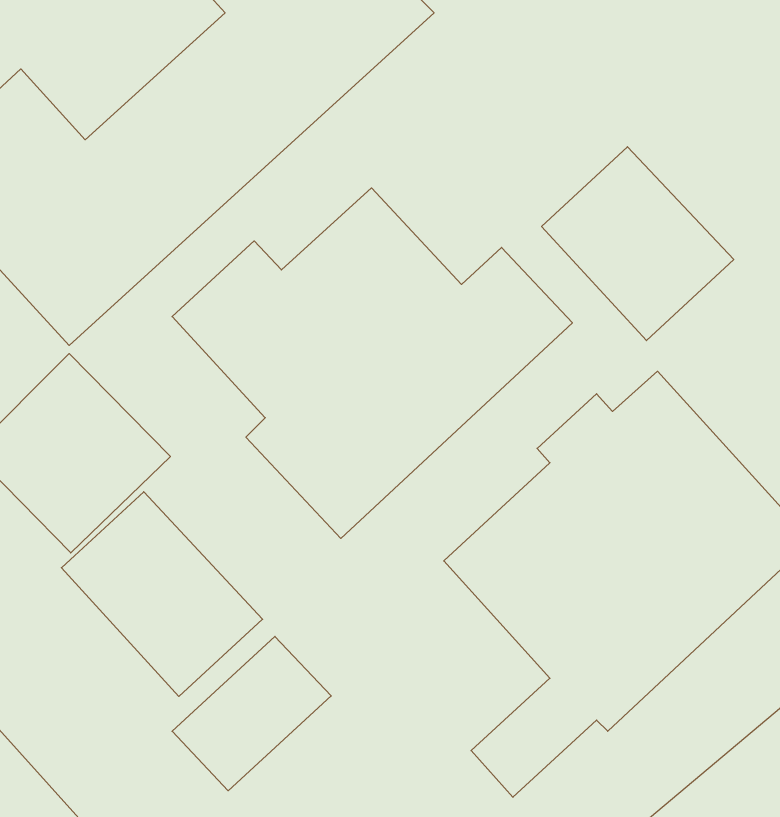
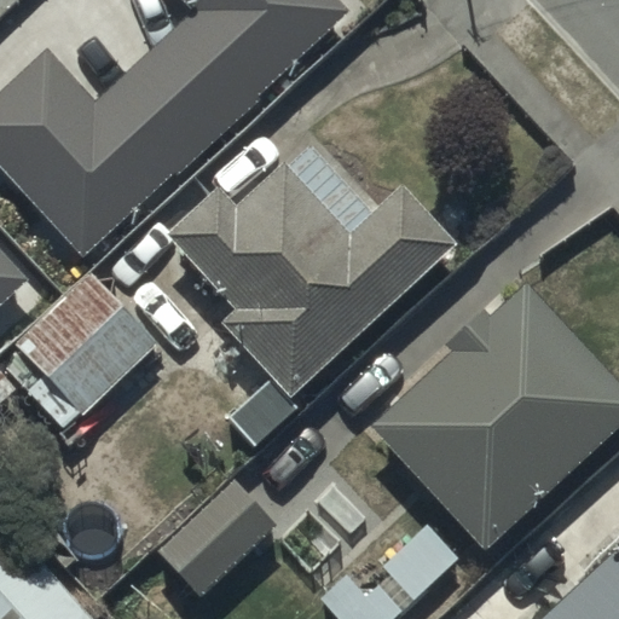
building: [542,147,734,341] -> none
building: [61,492,263,696] -> none

